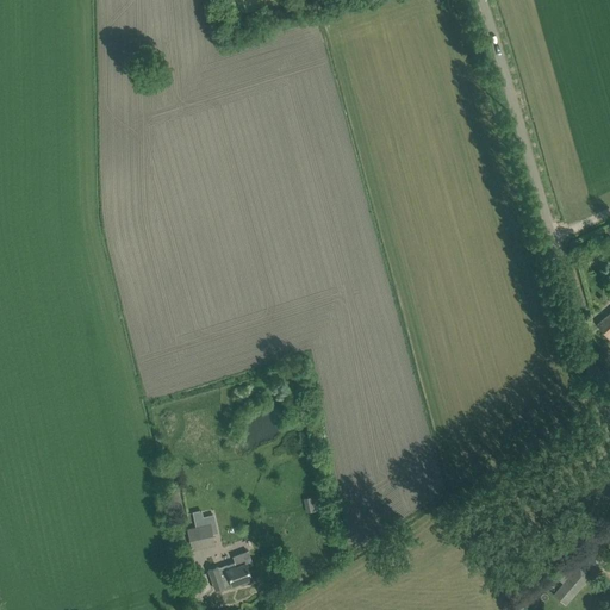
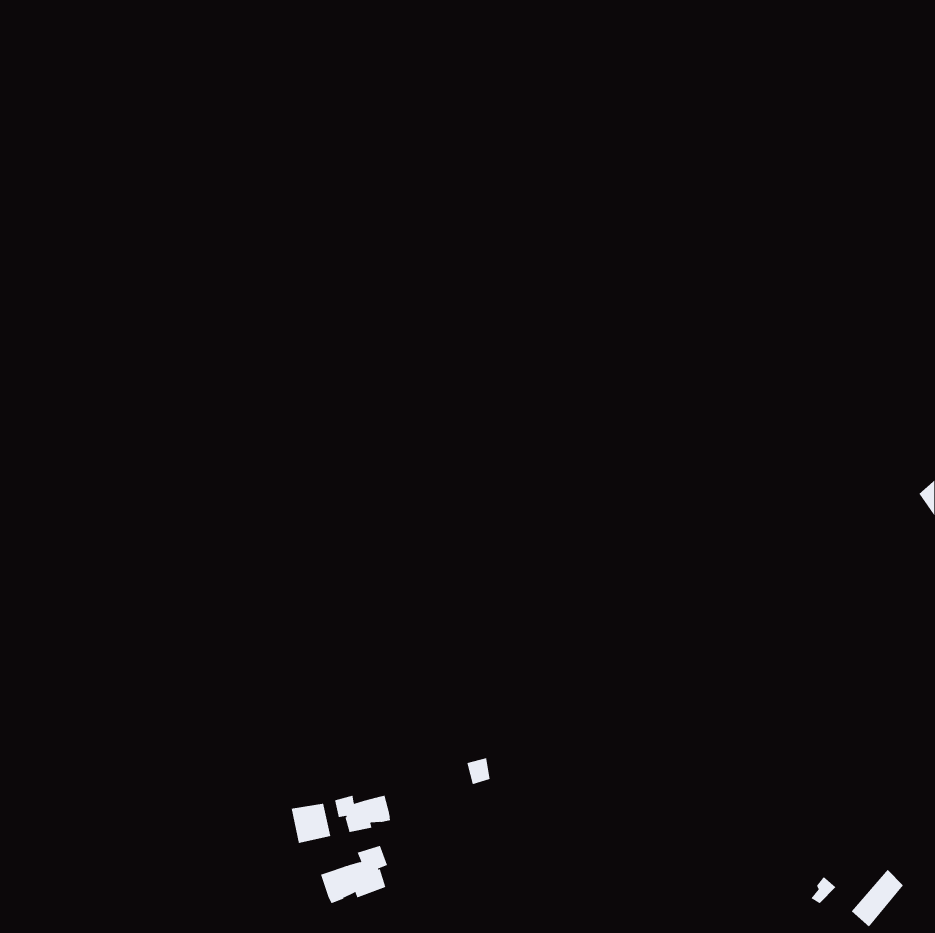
building: none -> [335,795,391,833]

